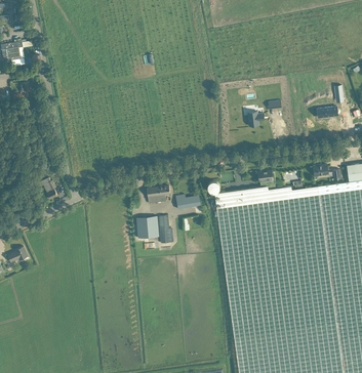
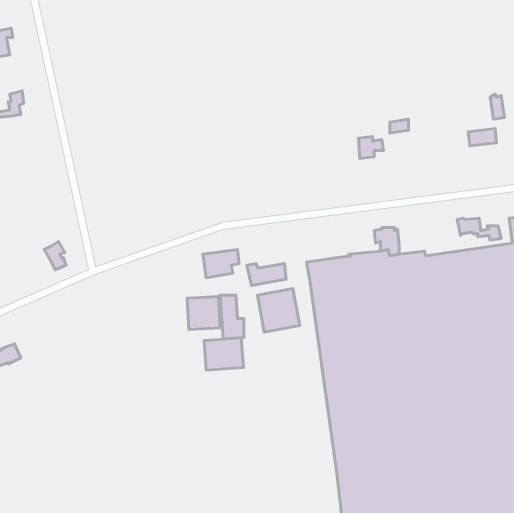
building: none -> [257,289,300,332]
building: none -> [204,338,243,370]

